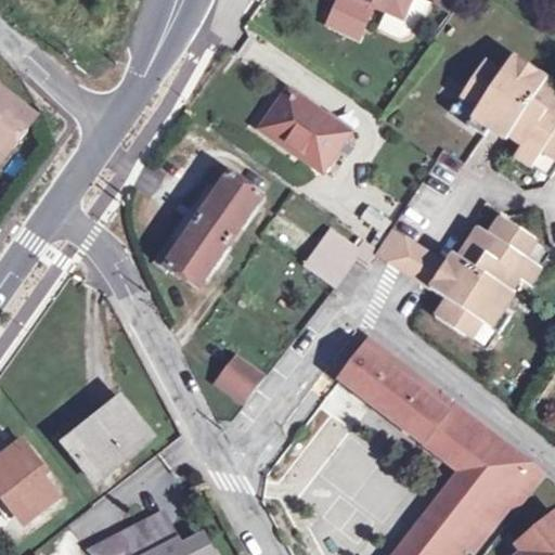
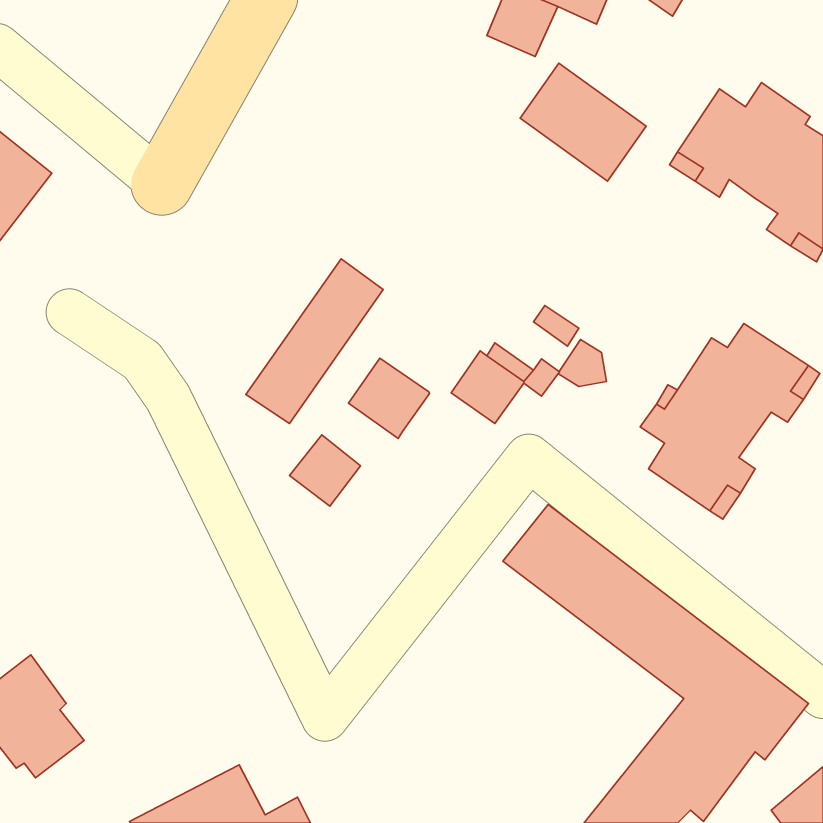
building: [261,91,346,170] -> [520,63,646,181]
building: none -> [348,358,430,438]
building: [217,354,264,402] -> [289,435,361,506]
building: [64,398,151,480] -> none

